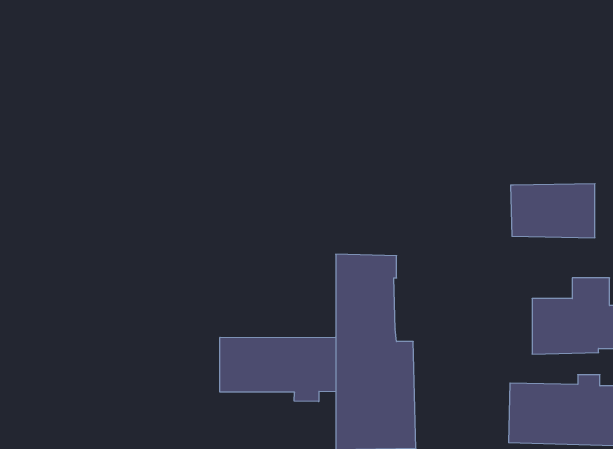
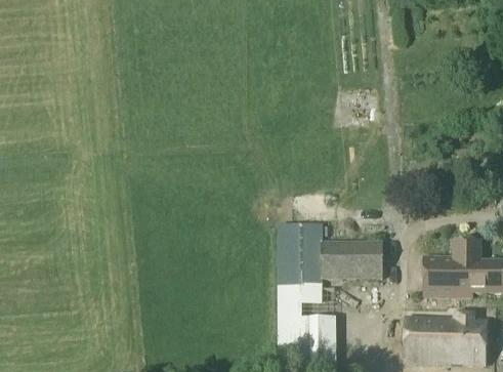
building: [511,184,595,238] -> [322,239,384,279]
building: [220,337,336,402] -> none

